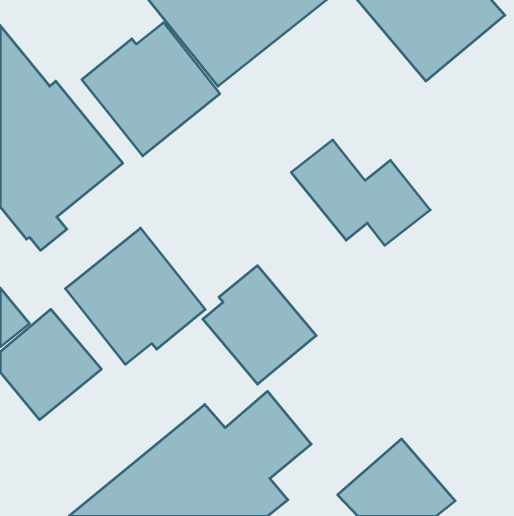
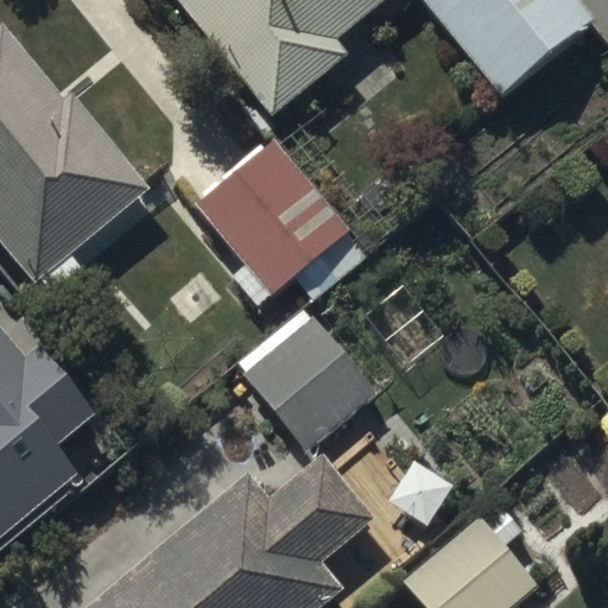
building: [82,23,220,156] -> none
building: [291,140,430,245] -> [205,177,368,300]
building: [65,228,205,364] -> none

